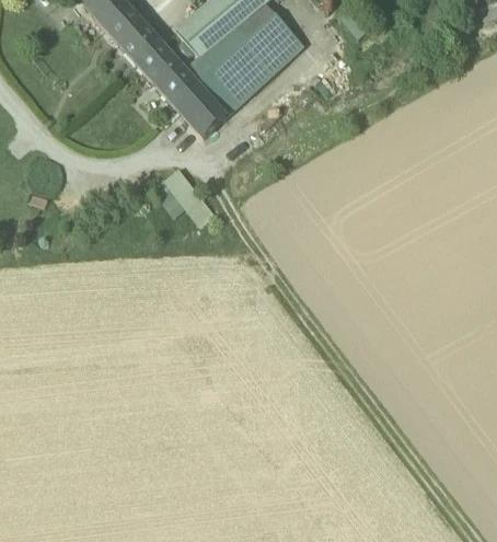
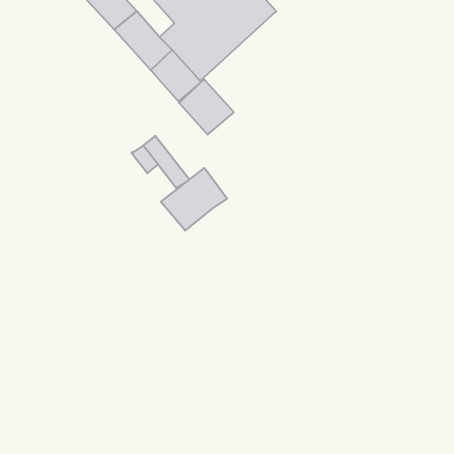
building: none -> [179,79,234,135]
building: none -> [161,168,227,231]

